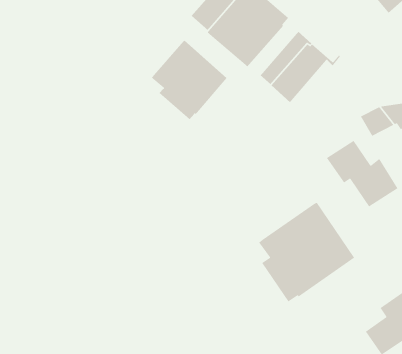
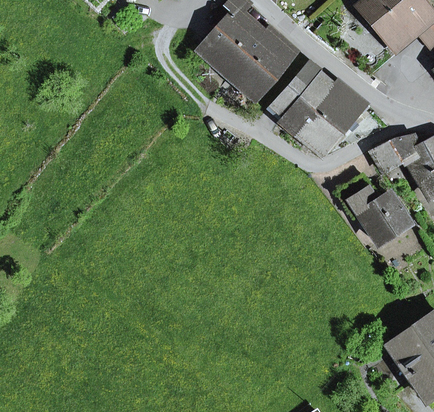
building: [151,40,228,120] -> none
building: none -> [299,90,367,157]
building: [258,202,355,302] -> none

